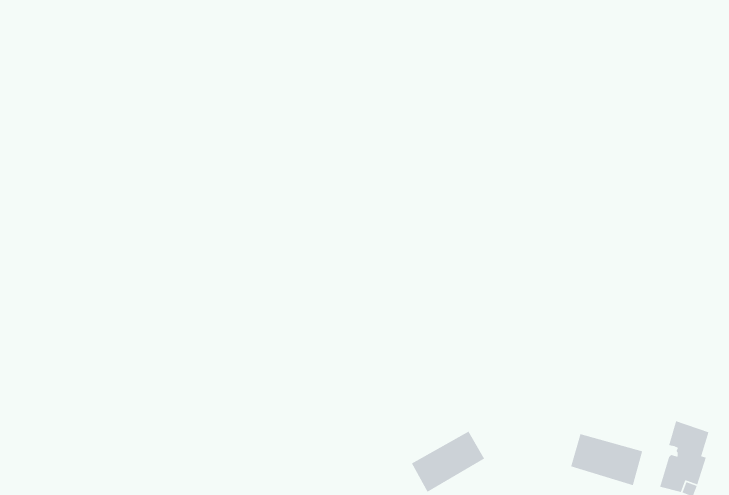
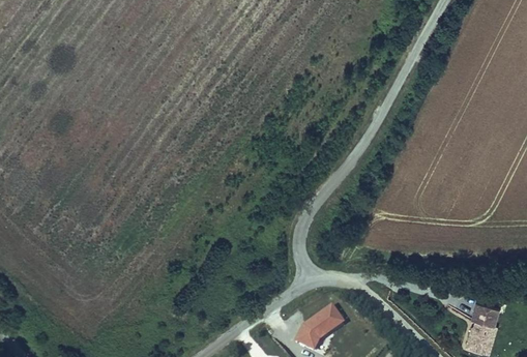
building: [570,433,643,486] -> none

